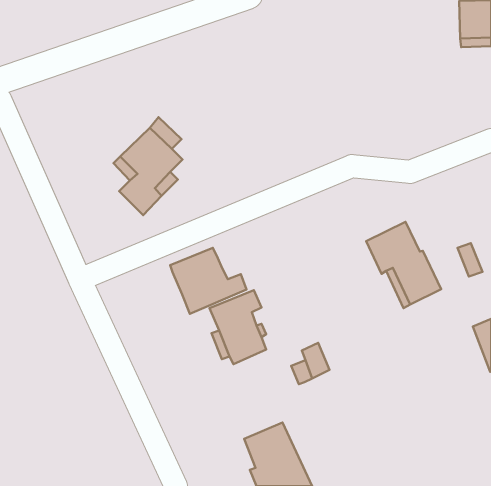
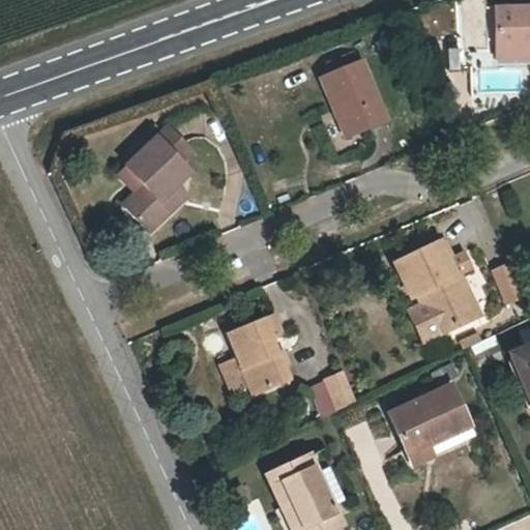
building: none -> [320,59,386,135]
building: [170,248,247,314] -> none
building: none -> [386,384,469,463]

